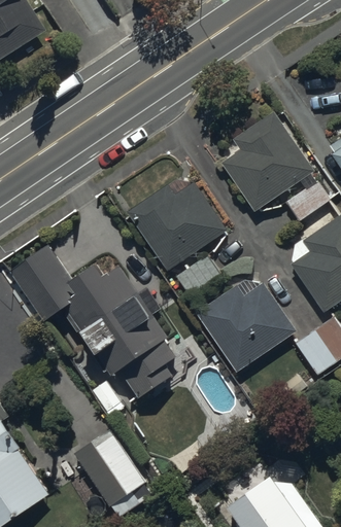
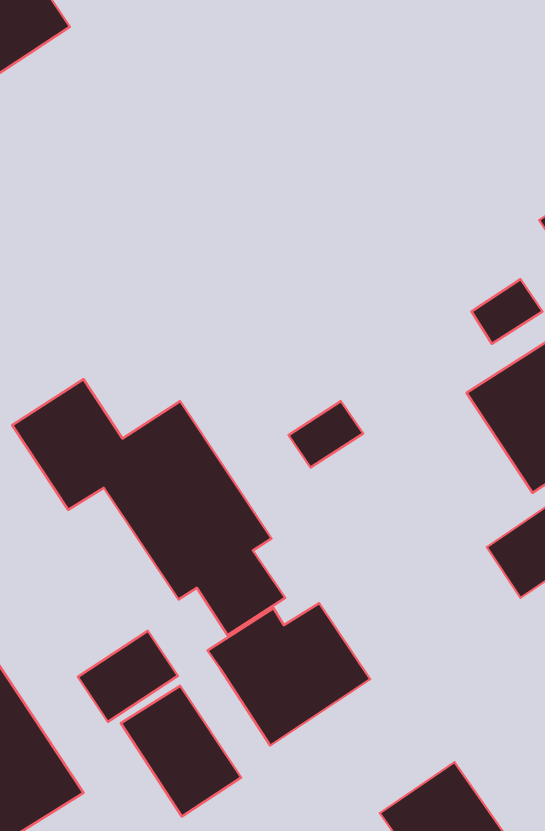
building: [223,113,313,210] -> none
building: [128,182,227,270] -> none
building: [197,284,296,371] -> [207,603,370,745]
building: none -> [78,631,178,722]

